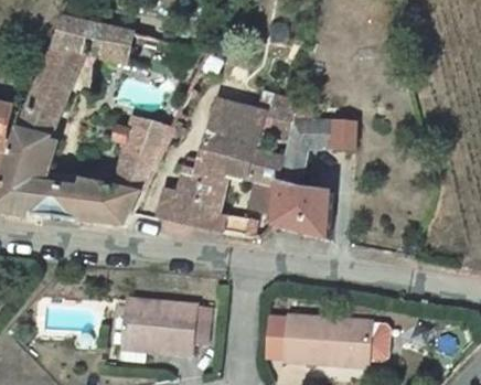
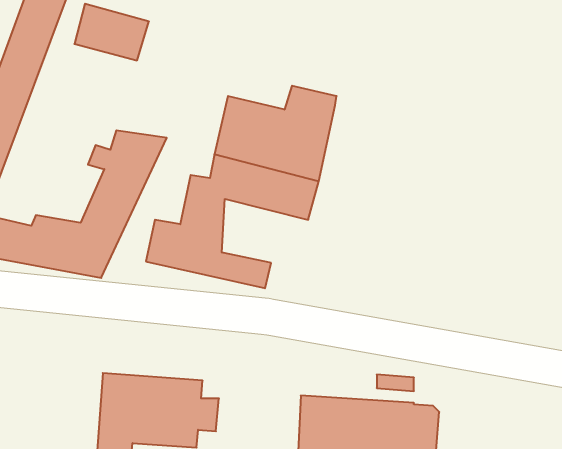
building: [263,100,374,243] -> none

